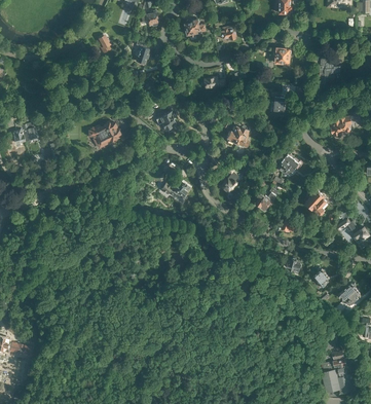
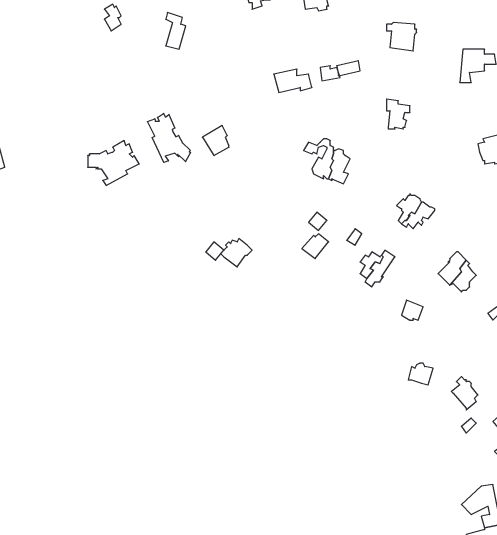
building: none -> [147,113,191,162]

